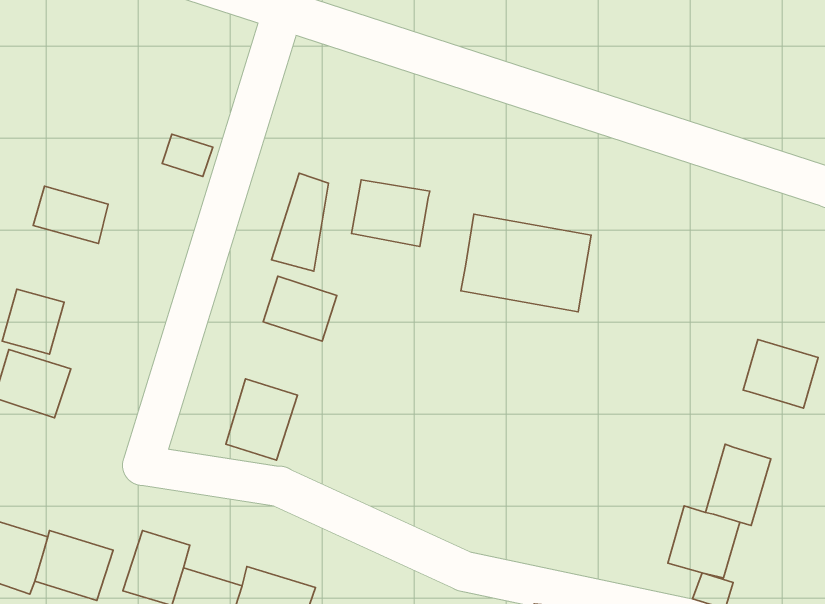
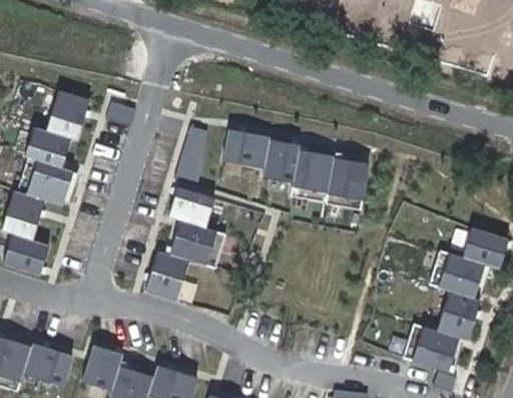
building: none -> [44,89,88,139]
building: none -> [262,138,297,180]
building: none -> [28,164,76,206]
building: none -> [172,225,217,262]
building: none -> [439,253,488,299]

